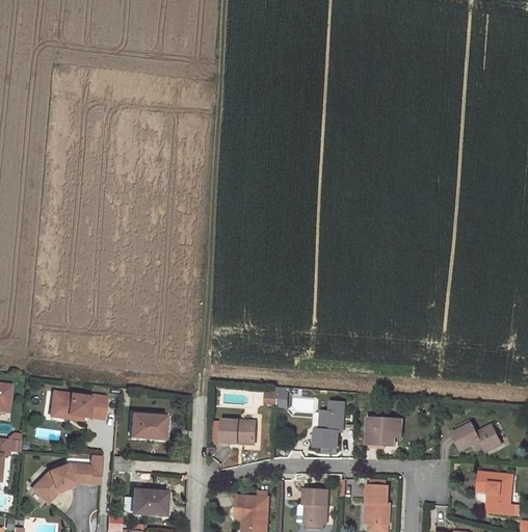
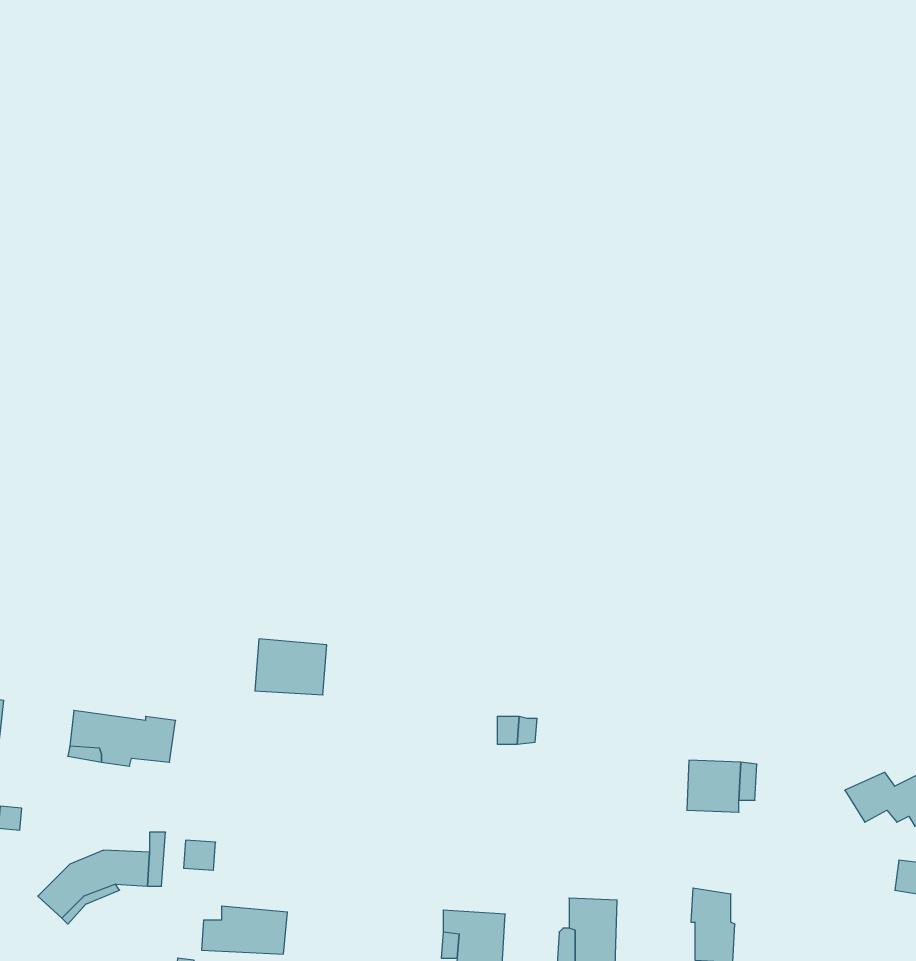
building: [315,410,342,446] -> none
building: [131,413,168,442] -> [255,639,327,695]
building: [223,423,258,446] -> none

